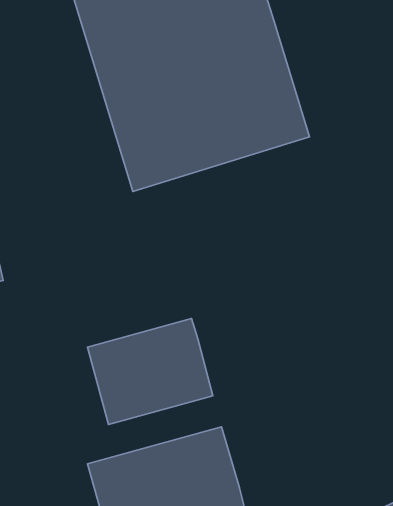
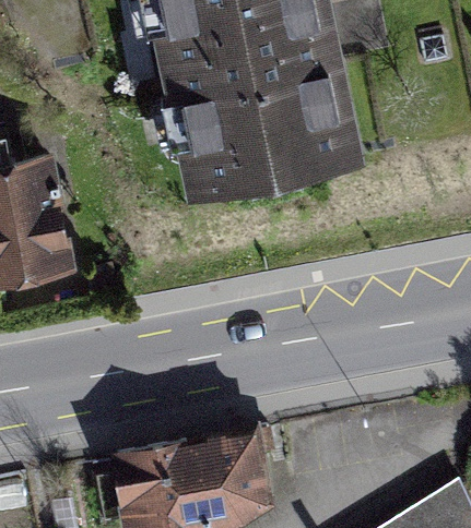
building: [87,318,213,424] -> none

